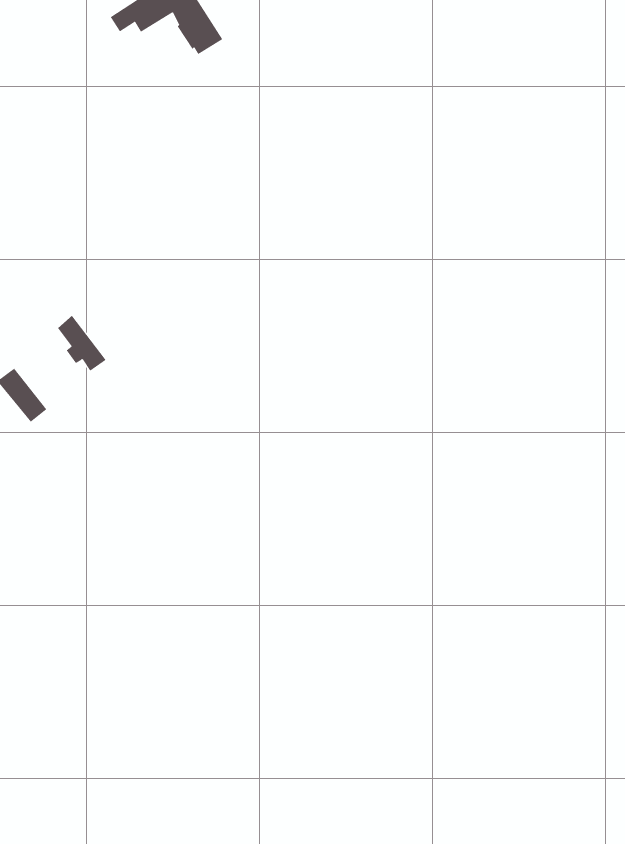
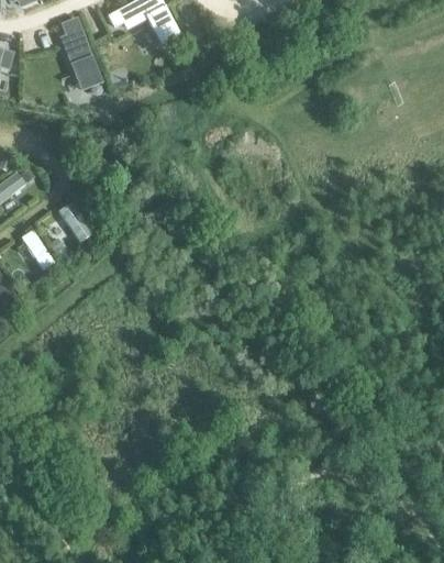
building: none -> [62,18,100,88]

